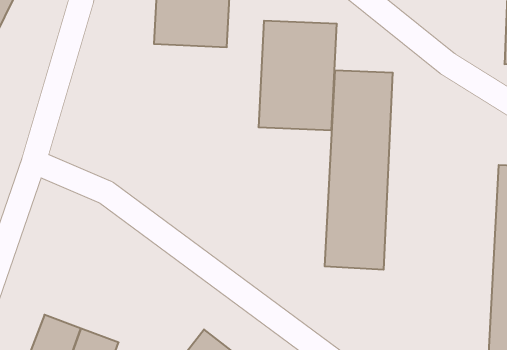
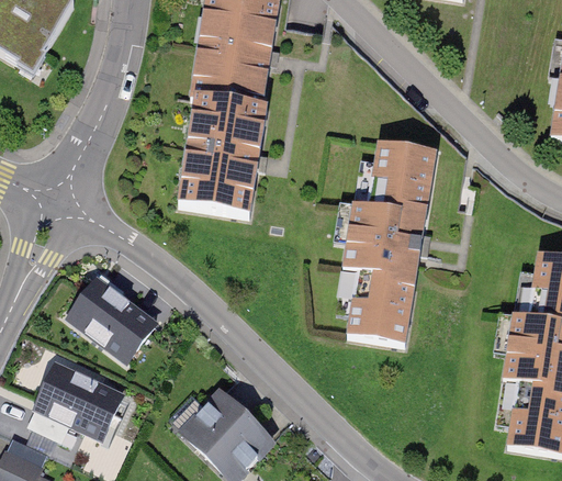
building: [258,21,337,130] -> [177,91,267,210]
building: none -> [54,271,157,371]

